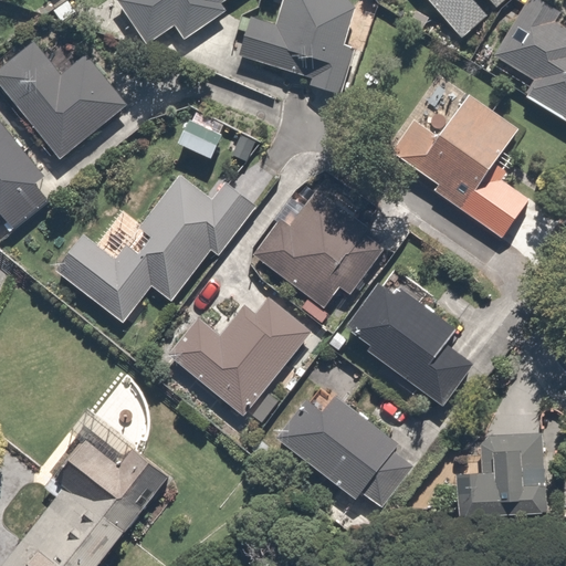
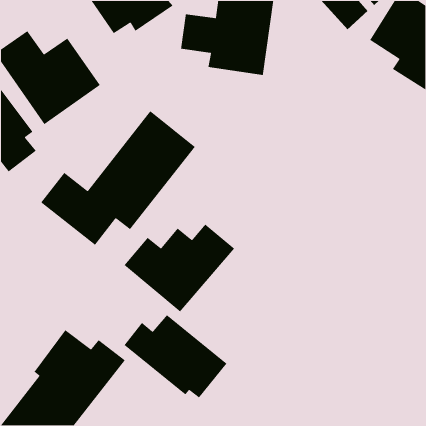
building: [410,92,532,220] -> none
building: [253,186,388,312] -> none
building: [343,272,469,400] -> none
building: [276,391,415,503] -> [123,314,228,398]
building: [459,437,543,515] -> none

